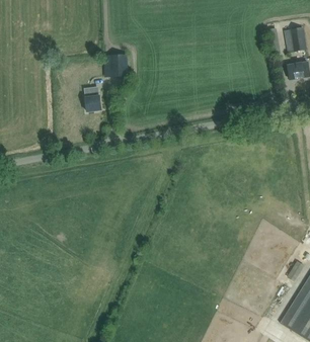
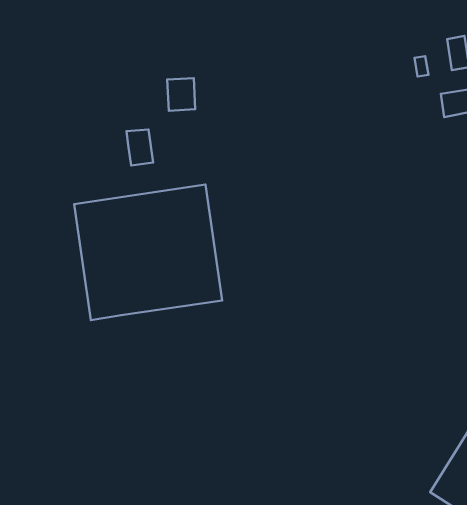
building: none -> [74,184,222,320]

